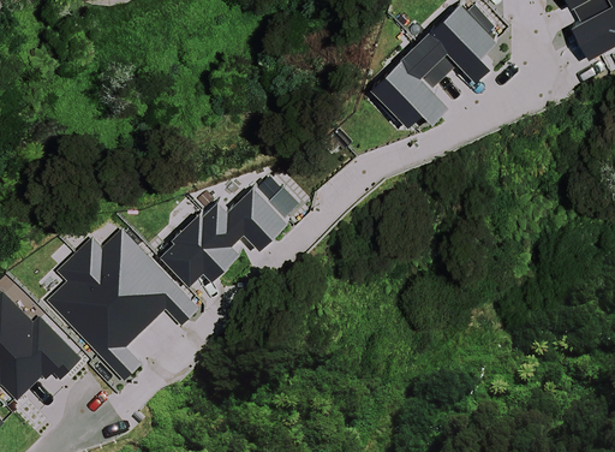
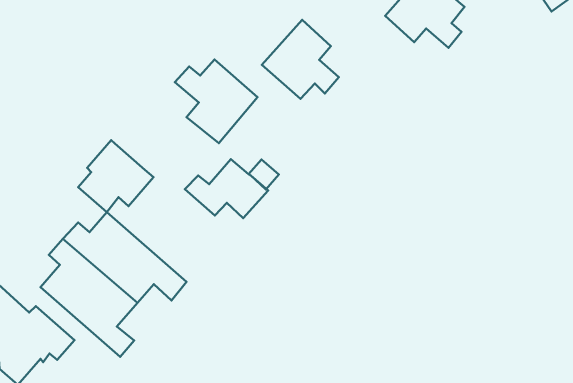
building: [376,46,454,126] -> [262,20,339,99]
building: none -> [175,60,258,143]
building: [162,206,240,279] -> [78,140,154,212]

